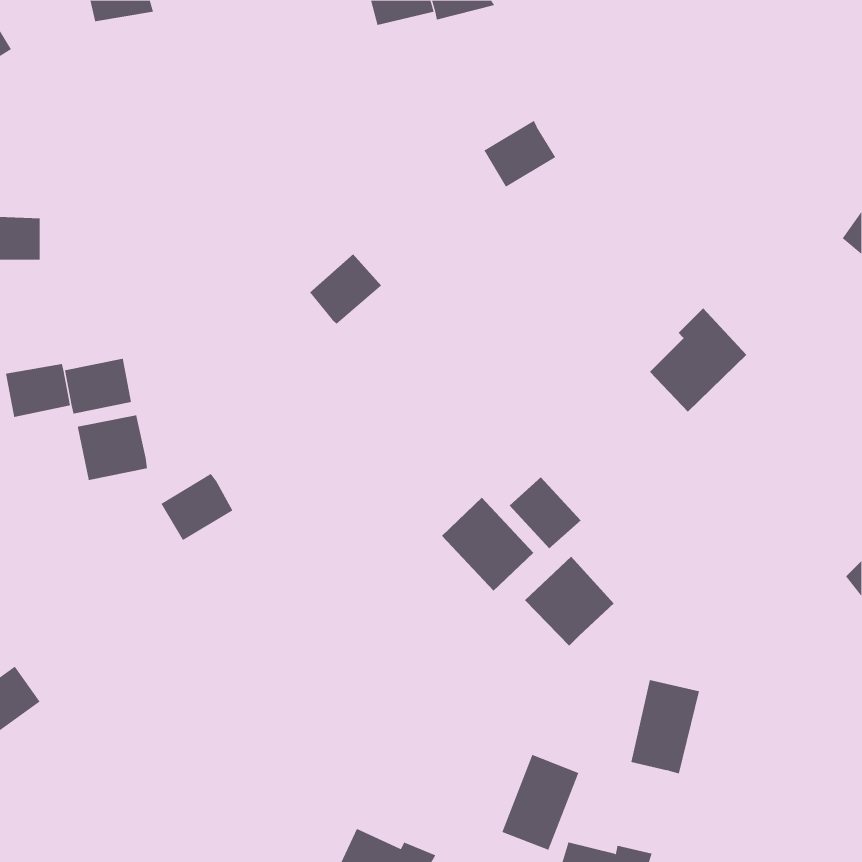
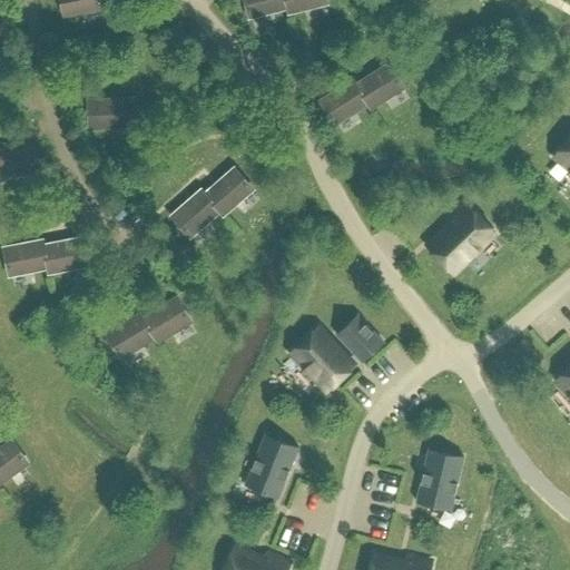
building: none -> [354,63,403,109]
building: none -> [87,98,132,129]
building: none -> [170,189,218,237]
building: [77,414,148,481] -> none
building: none -> [142,298,190,343]
building: [524,556,614,646] -> none
building: [501,754,579,851] -> [246,435,297,499]

